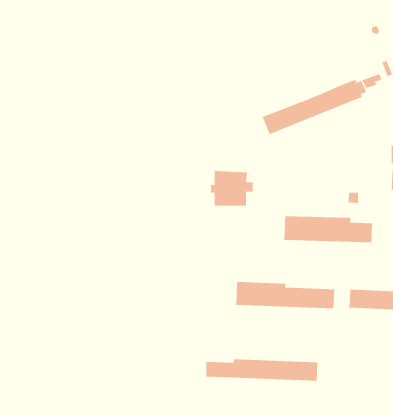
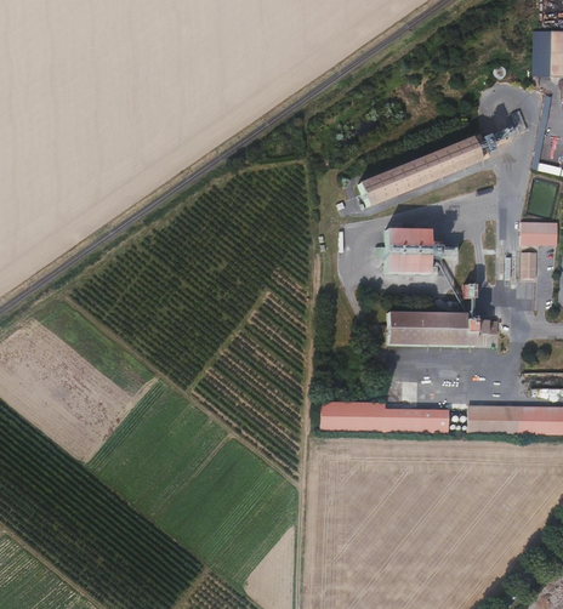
building: [210,170,253,206] -> [379,228,434,274]
building: [206,358,318,381] -> none

